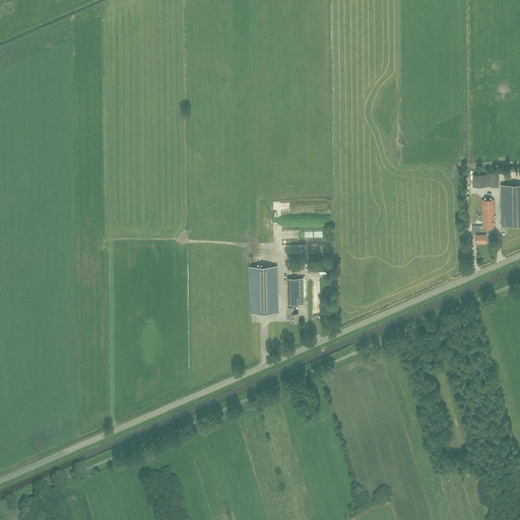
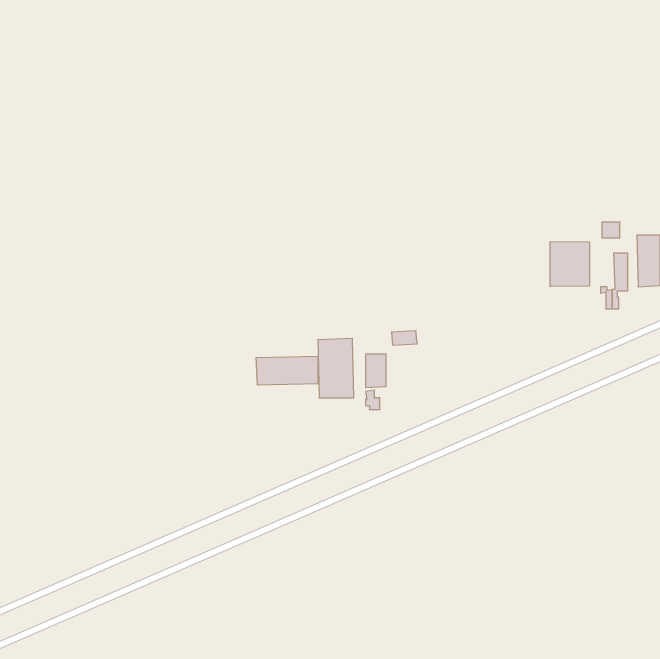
building: none -> [550,242,589,287]
building: none -> [256,356,318,385]

